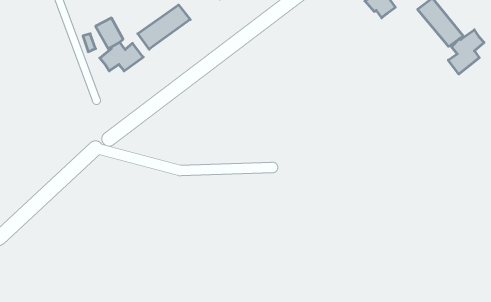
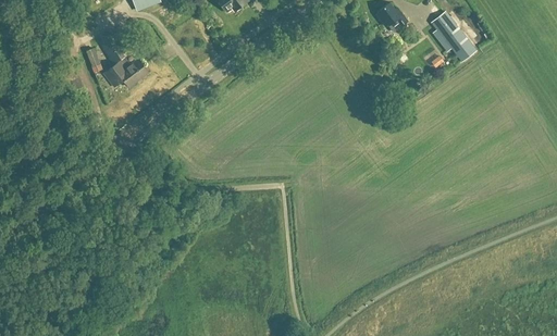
building: [138,5,190,49] -> none
building: [448,30,484,74] -> none

